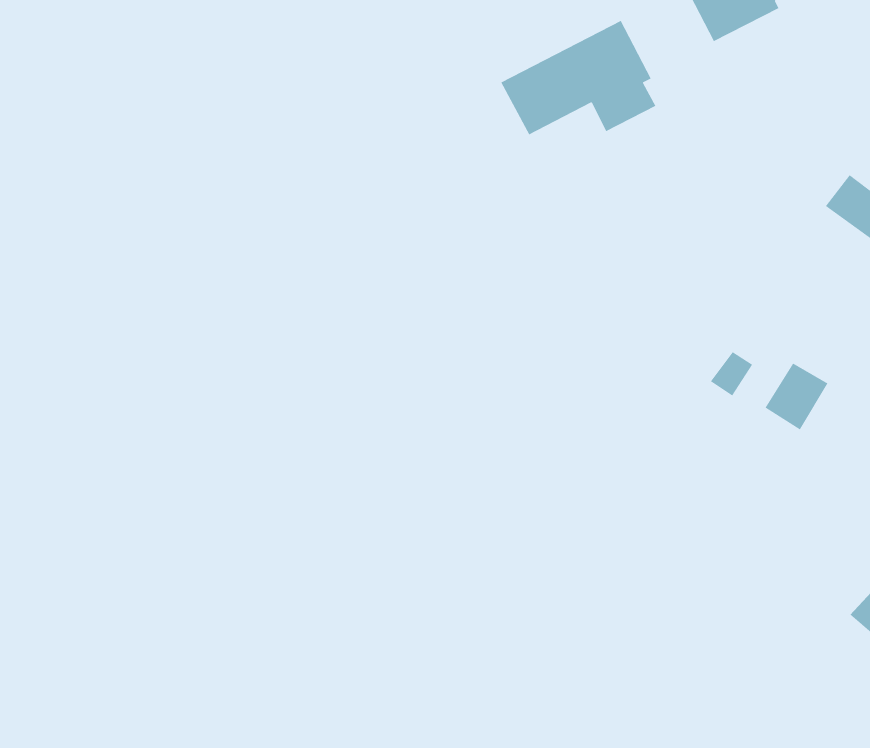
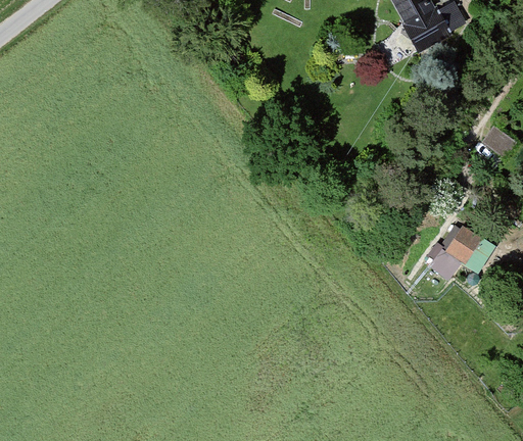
building: [500,20,656,135] -> none

